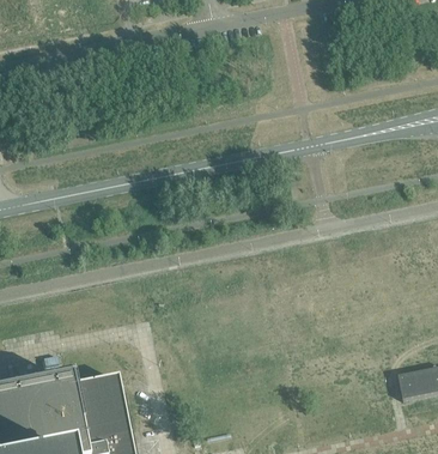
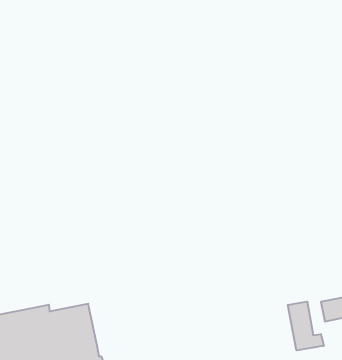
building: none -> [288,302,324,350]

